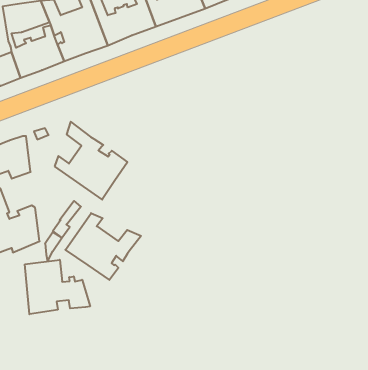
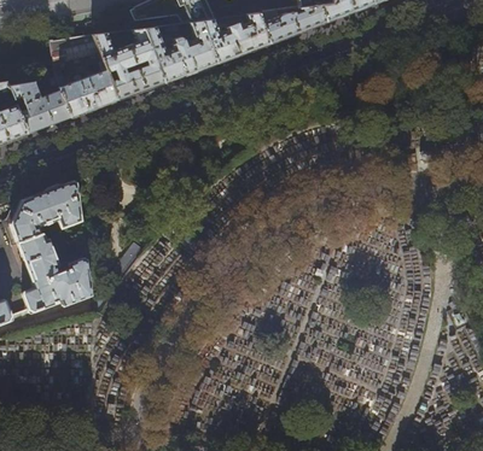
building: [55,122,127,200] -> none
building: [65,213,141,280] -> none
building: [25,260,90,314] -> none

